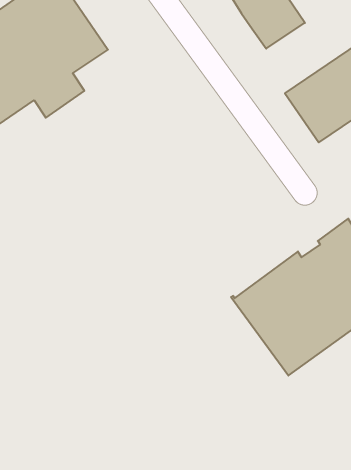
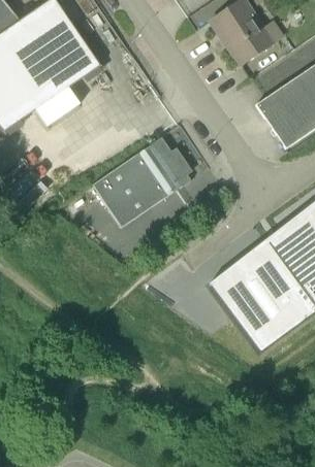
building: none -> [92,136,191,227]

